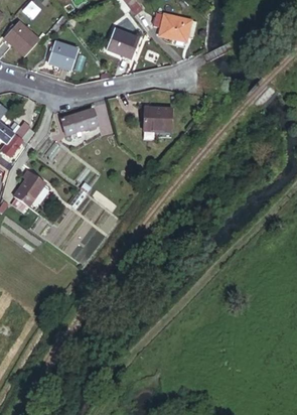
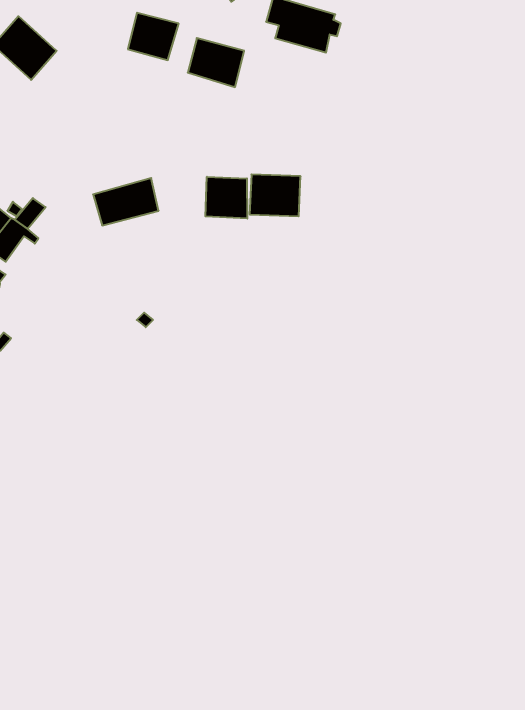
building: [47,42,76,68] -> [128,13,179,60]
building: none -> [205,177,247,219]
building: [14,170,45,205] -> none

